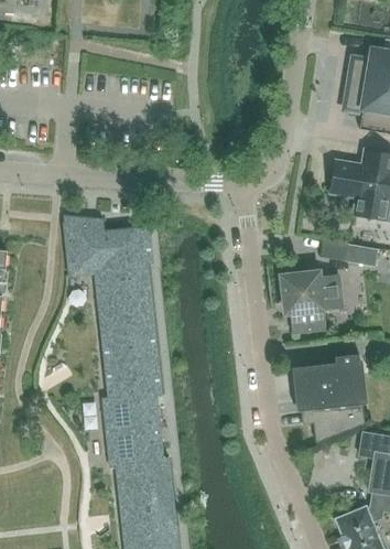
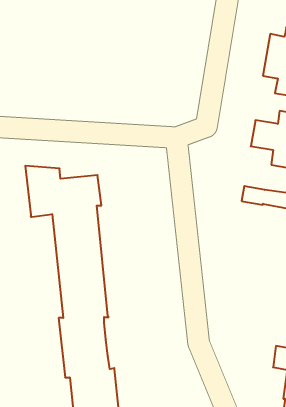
building: [281,272,343,333] -> none
building: [292,354,367,442] -> none

